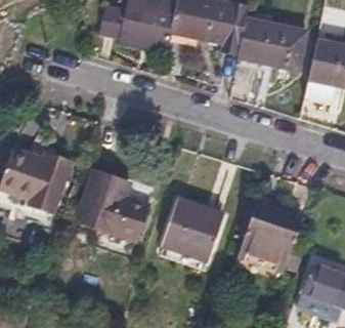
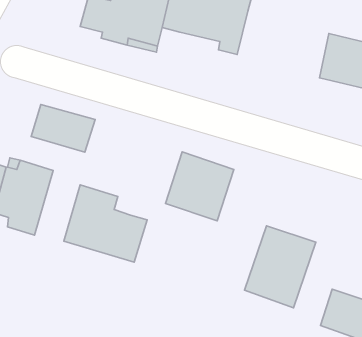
building: [231,19,303,72] -> none
building: none -> [31,105,95,152]
building: [166,200,225,260] -> [166,152,234,221]

